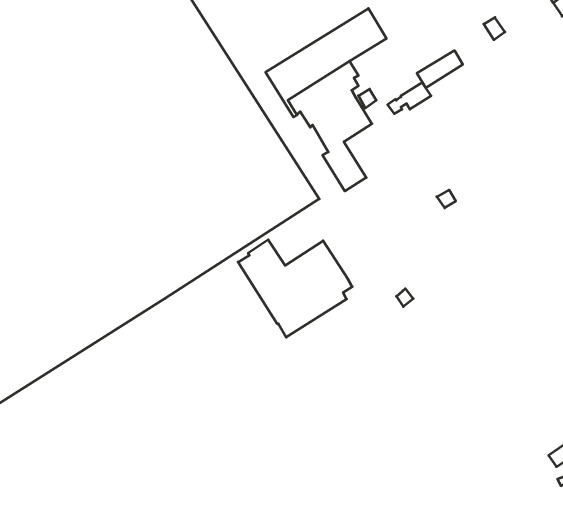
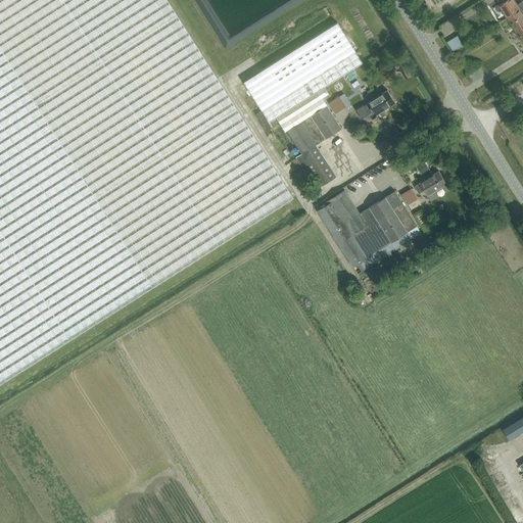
building: [417,51,463,88] -> [321,50,363,84]
building: none -> [414,171,446,195]
building: [238,240,352,337] -> [317,190,421,279]

